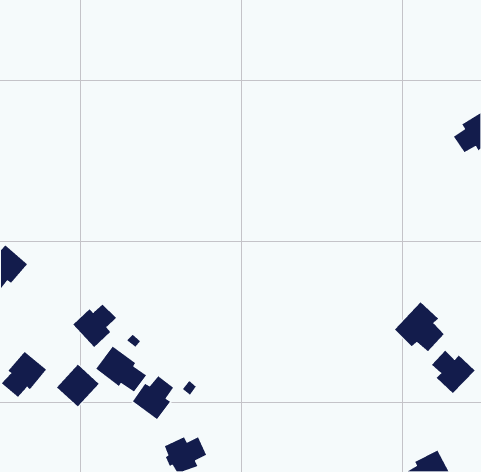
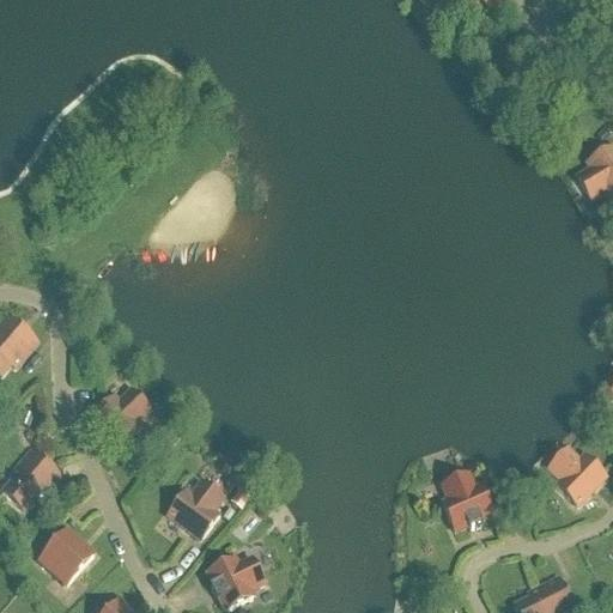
building: [394,301,444,352] -> none
building: [95,346,147,393] -> none
building: [56,364,99,407] -> [38,526,93,581]
building: none -> [442,471,493,527]

